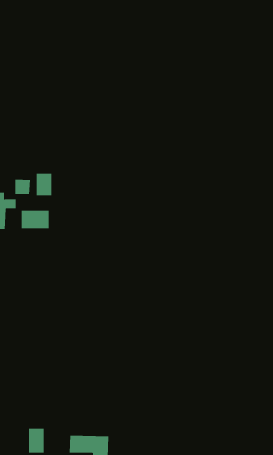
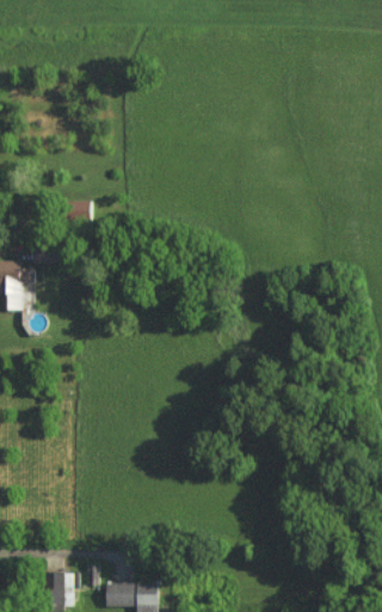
building: [36,173,52,196] -> none
building: [21,210,49,229] -> none

